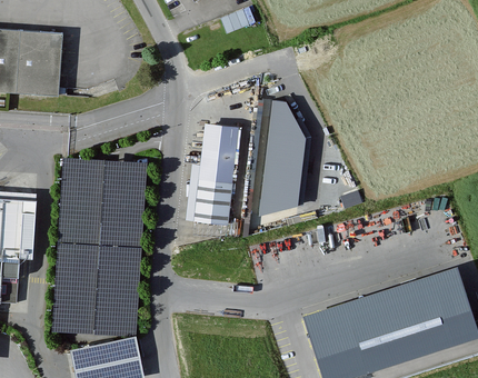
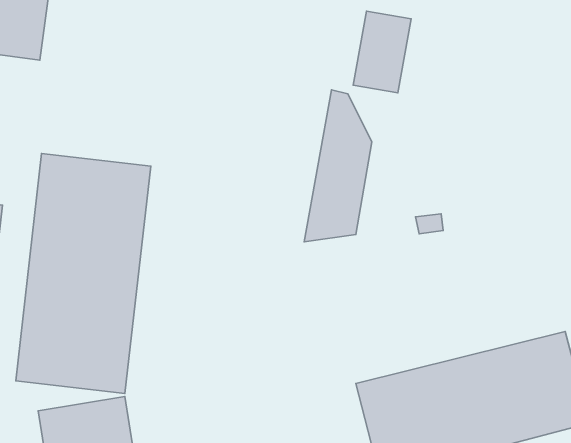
building: none -> [353,11,411,93]
building: [195,125,238,223] -> none

